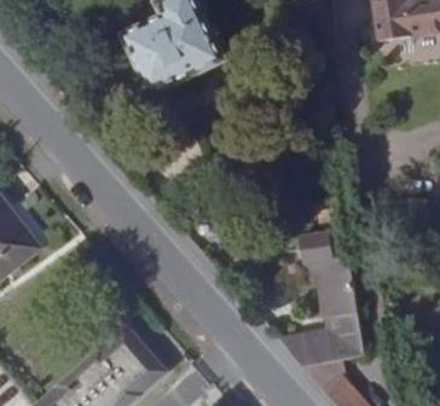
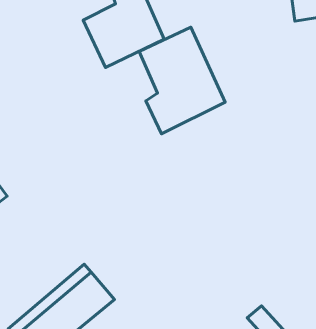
building: none -> [139,27,225,134]
building: [273,232,359,369] -> none

